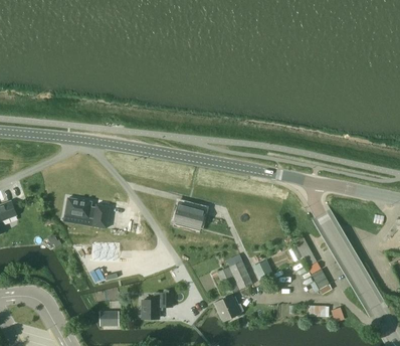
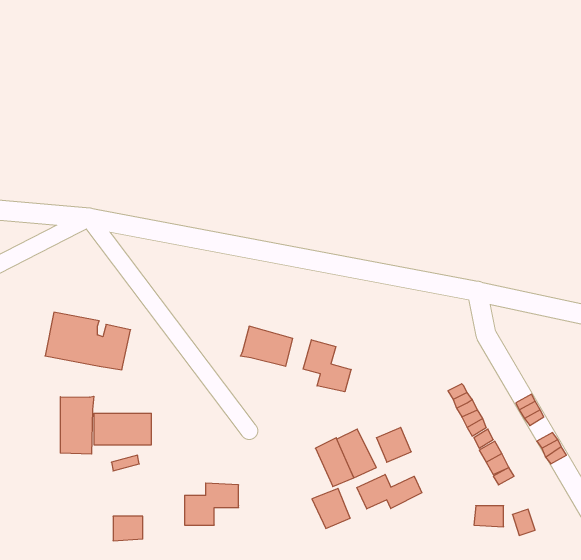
building: none -> [303,340,351,392]
building: none -> [60,396,94,454]
building: none -> [357,474,422,509]

